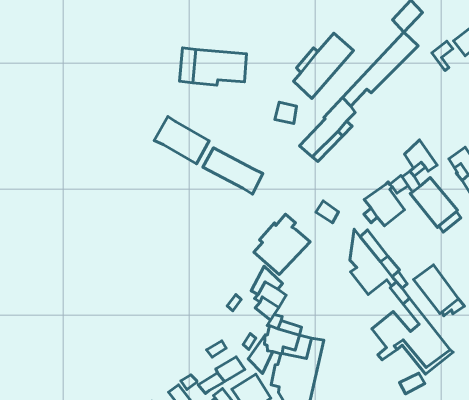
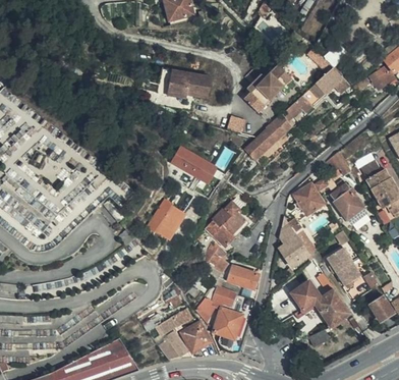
building: [154,117,209,164] -> none
building: none -> [147,198,188,240]
building: none -> [228,267,259,289]

